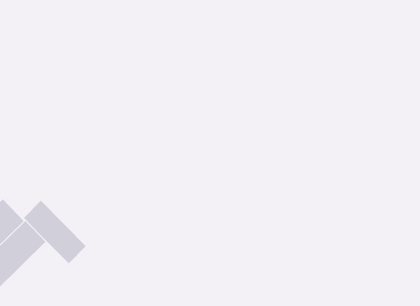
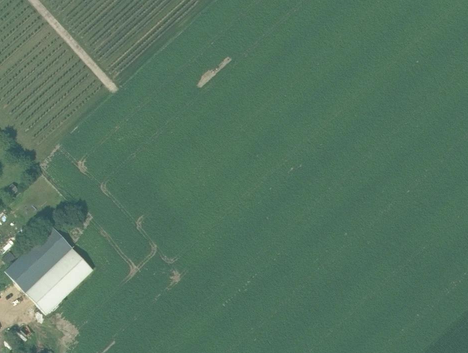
building: [23,200,87,264] -> none

